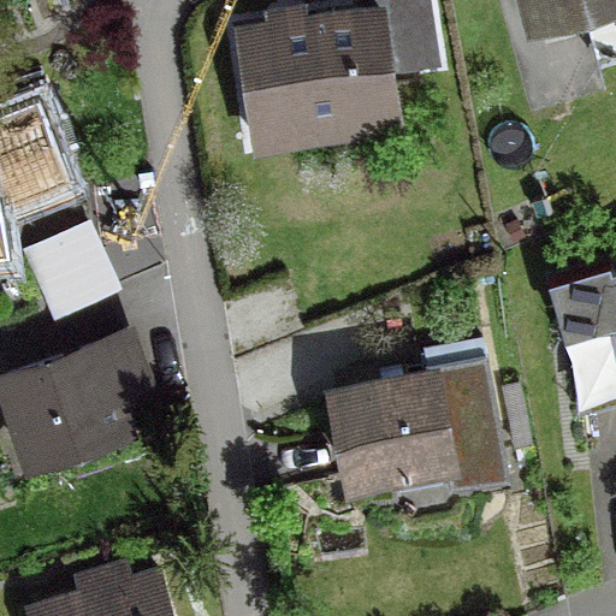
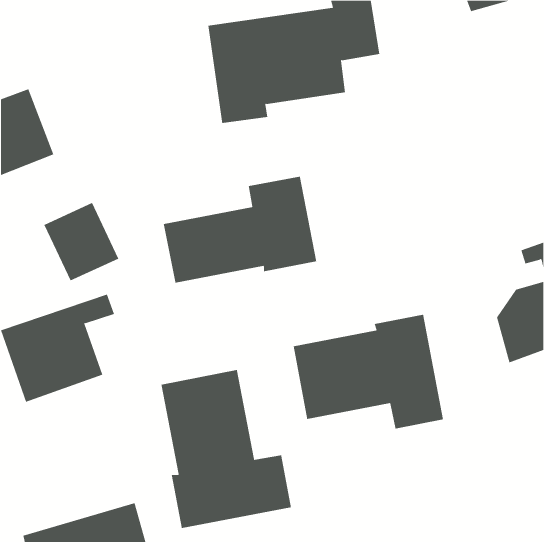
building: none -> [163,176,317,284]
building: none -> [161,369,291,529]

